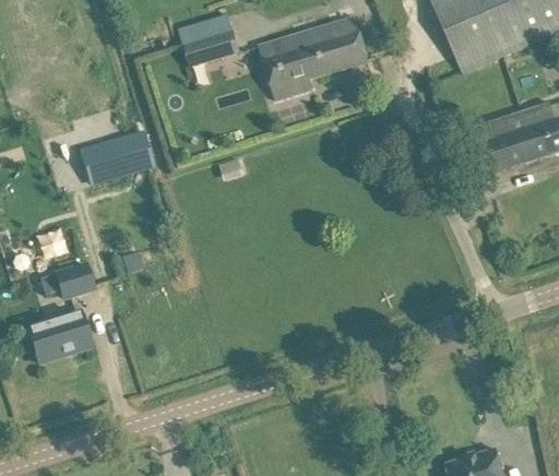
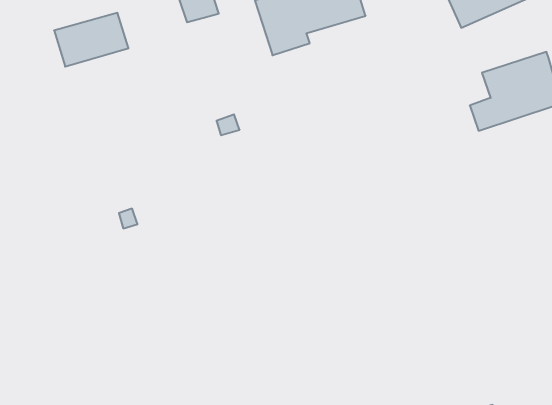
building: [81,131,155,185] -> [54,13,129,67]
building: [39,263,93,298] -> none
building: [28,311,91,362] -> none

